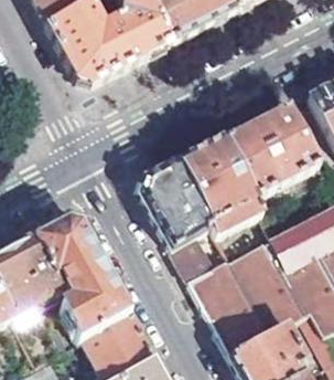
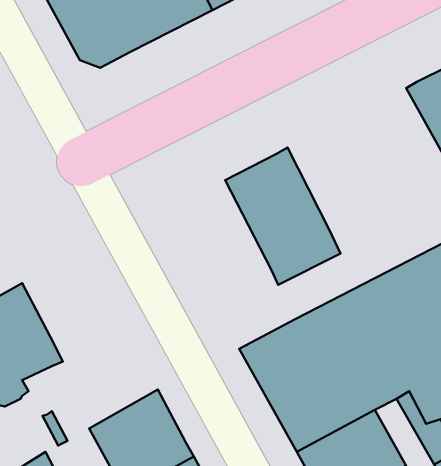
building: [223,103,321,194] -> none
building: [140,159,228,278] -> none
building: [35,215,131,337] -> none

